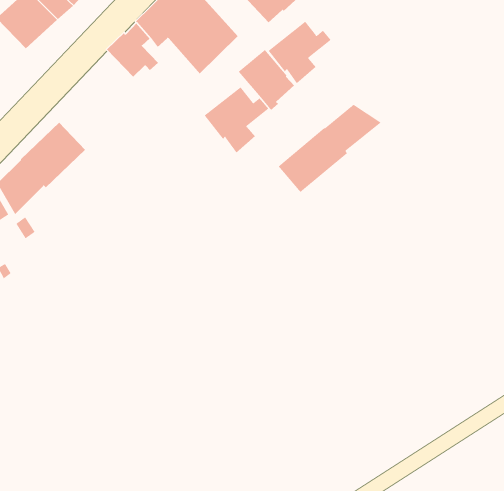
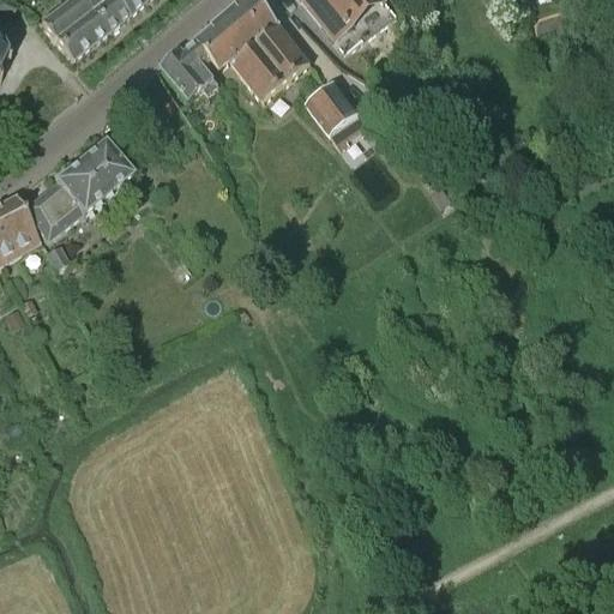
building: [268,21,332,84] -> none
building: [204,86,269,153] -> none
building: [278,104,382,193] -> none

